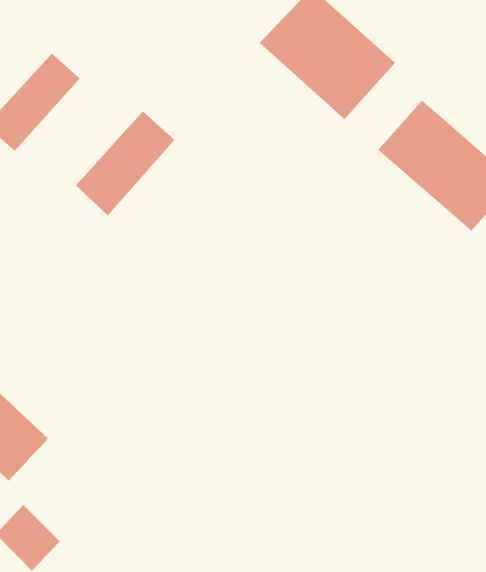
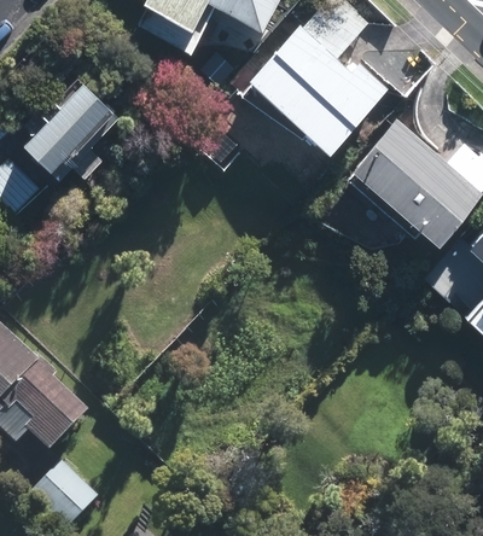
building: [75,111,175,216] -> none

